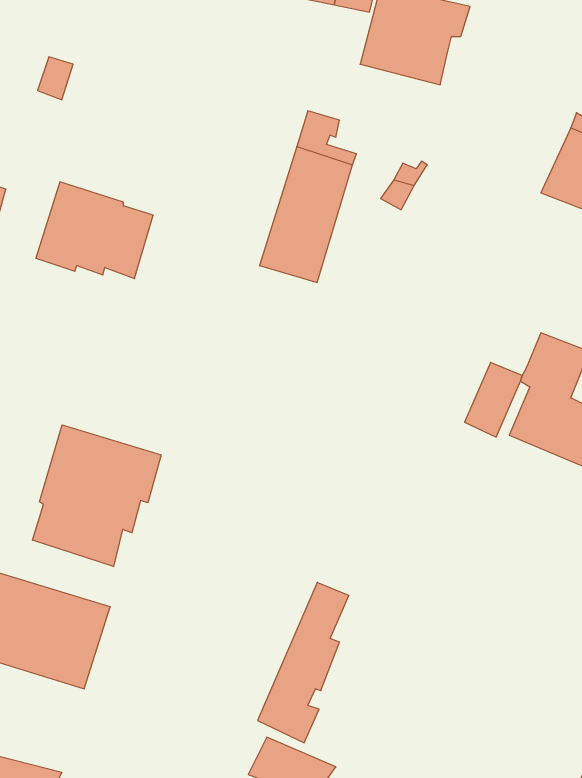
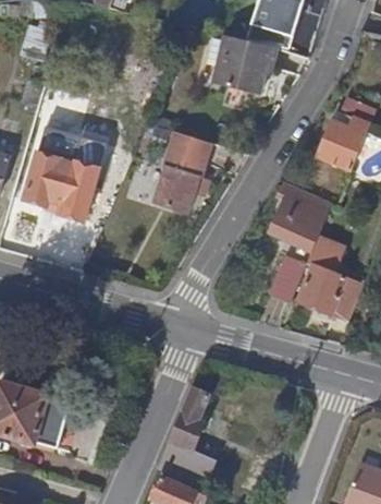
building: none -> [270,183,329,250]
building: [32,425,161,567] -> none

